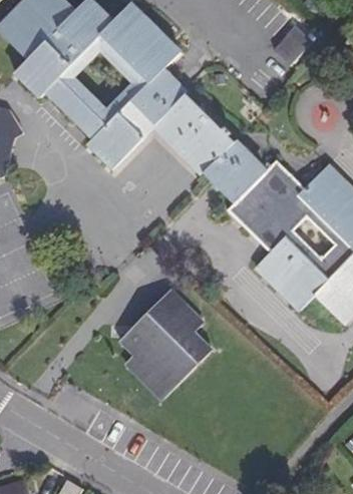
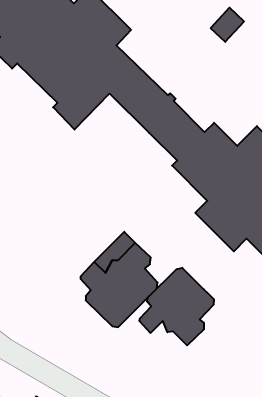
building: none -> [140,268,214,345]

